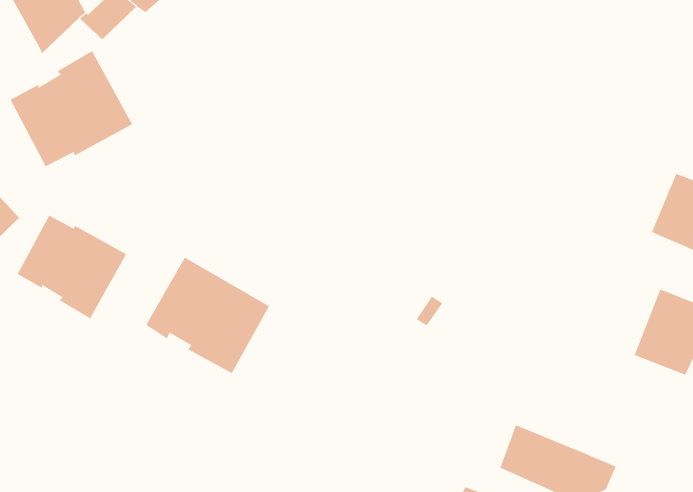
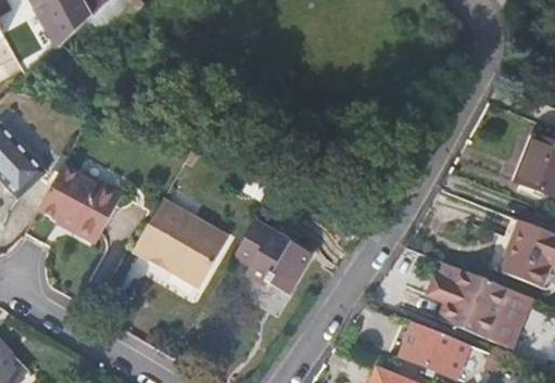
building: [10,50,133,167] -> none
building: none -> [234,225,310,293]
building: none -> [438,268,528,347]

